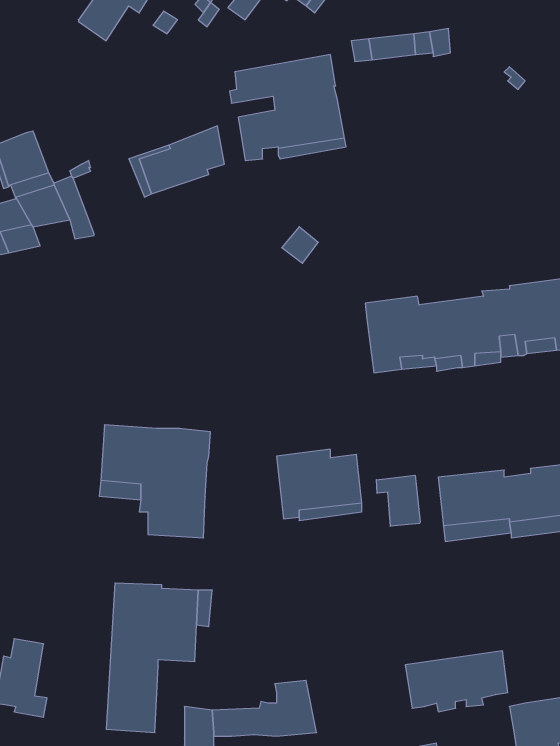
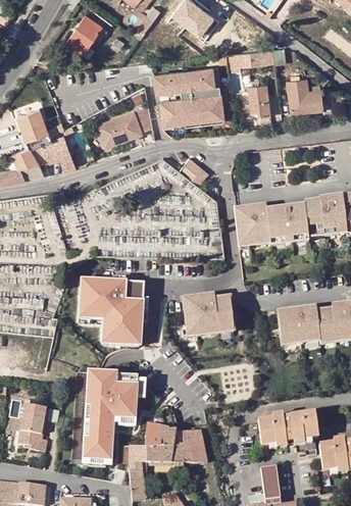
building: none -> [287,78,323,112]
building: none -> [248,83,270,115]
building: [376,475,420,526] -> none
building: none -> [145,423,174,447]

